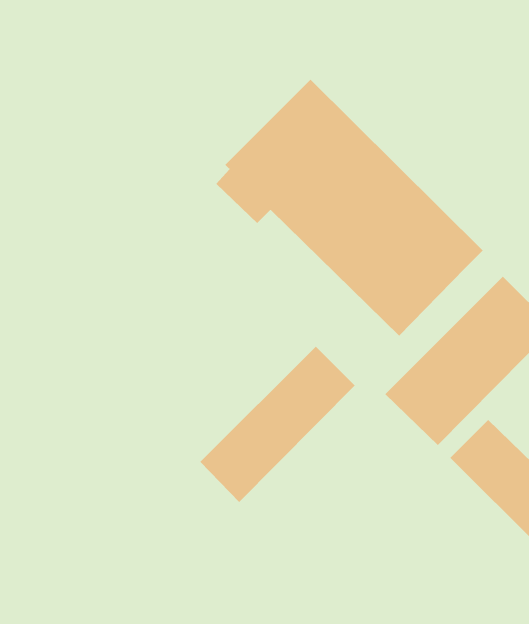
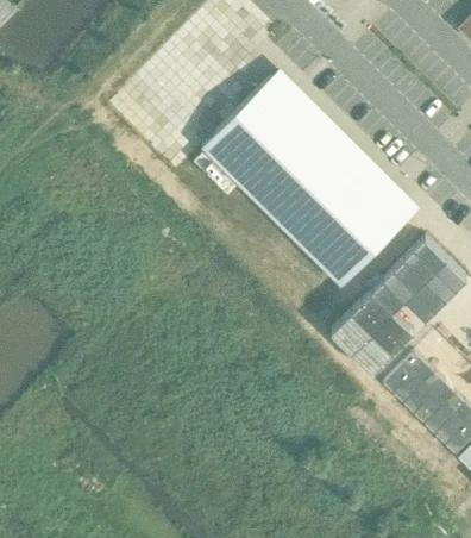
building: [199,346,356,503] -> none

